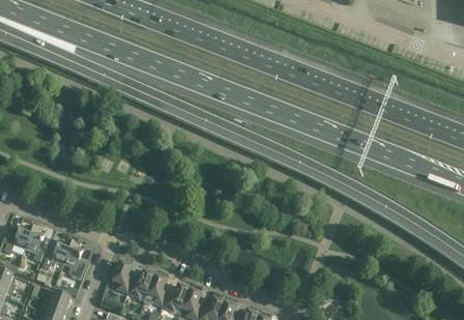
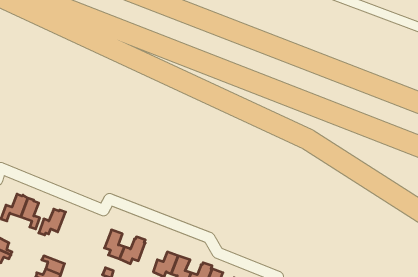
building: [64,240,88,277] -> none
building: [145,270,168,302] -> none

